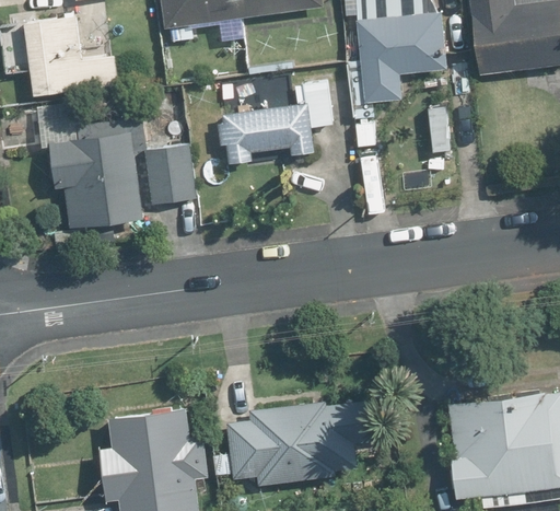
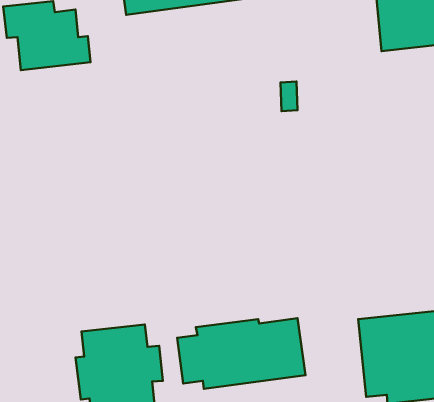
building: [357,14,446,101] -> none
building: [215,81,351,163] -> none
building: [48,119,145,227] -> none
building: [144,146,196,207] -> none

